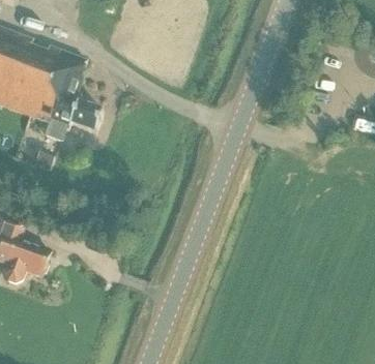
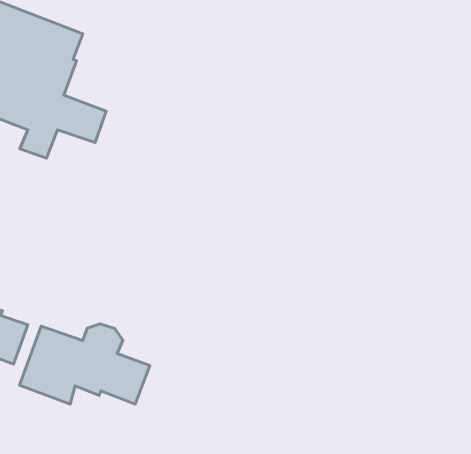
building: none -> [20,324,150,404]

